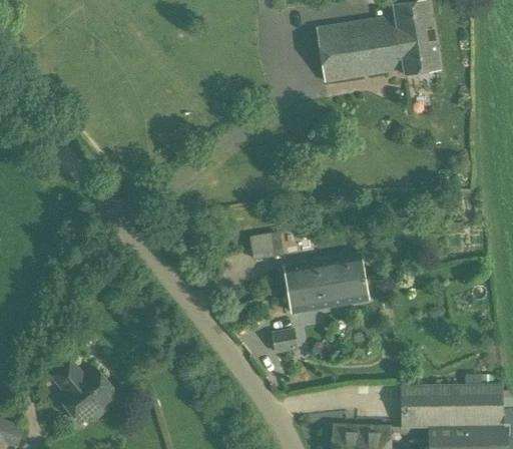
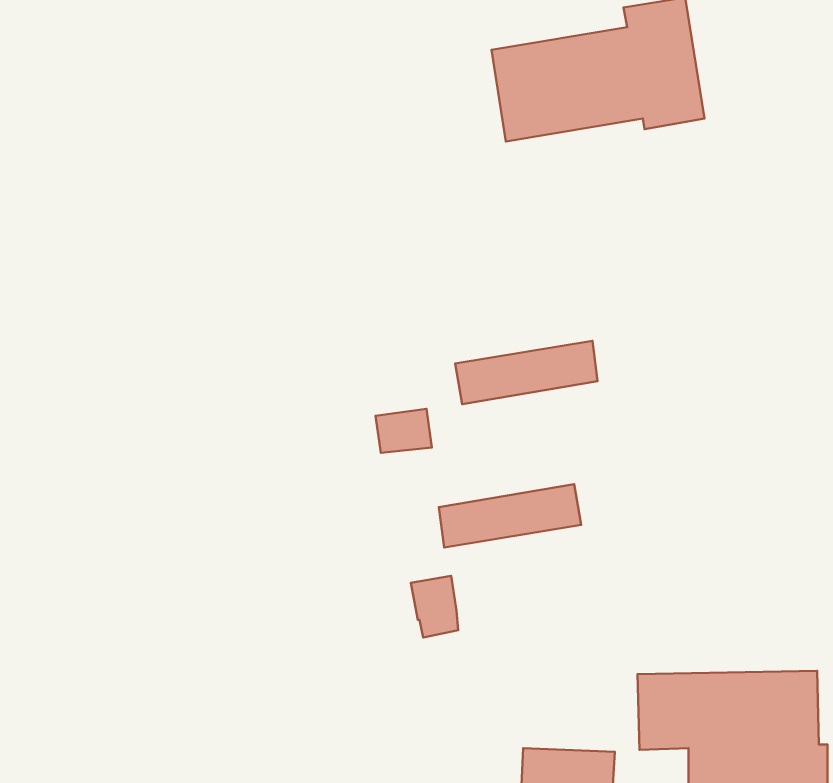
building: [283,254,364,290] -> [455,341,598,404]
building: [51,360,115,424] -> none

